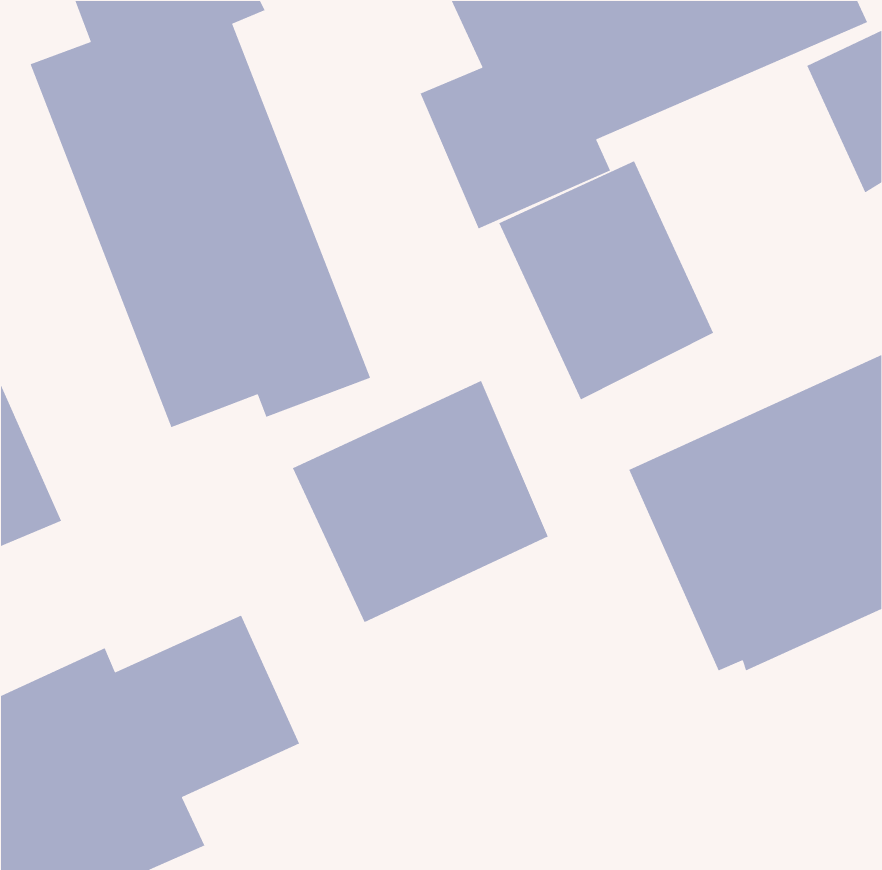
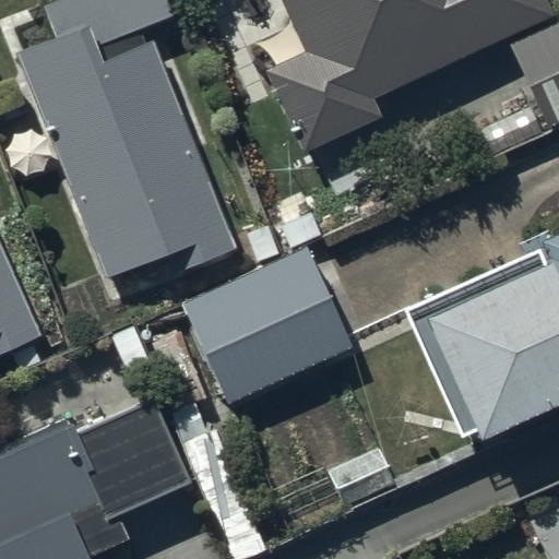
building: [498,160,714,400] -> none

